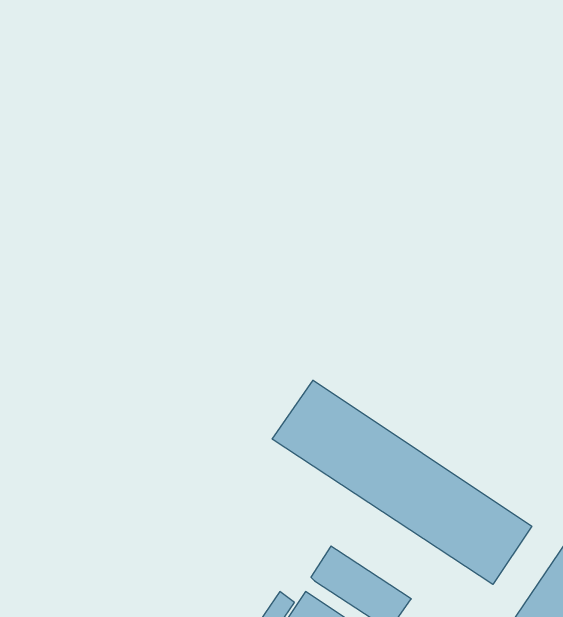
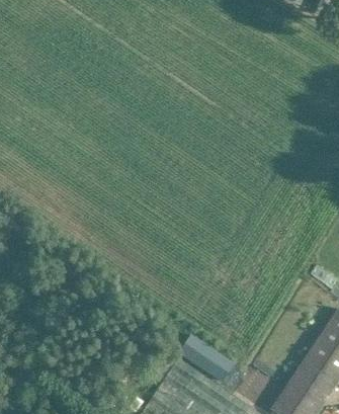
building: [272,380,532,584] -> none

